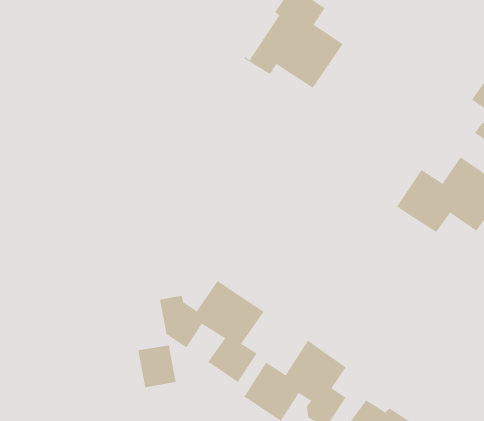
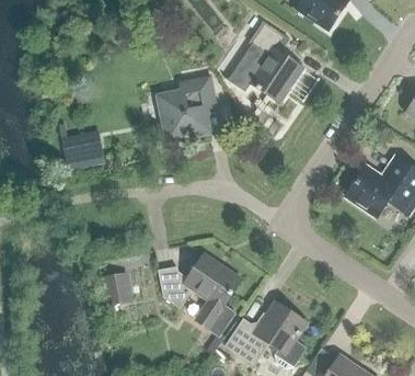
building: none -> [161,75,217,141]
building: none -> [57,122,103,163]
building: [137,345,176,388] -> [102,271,132,305]

